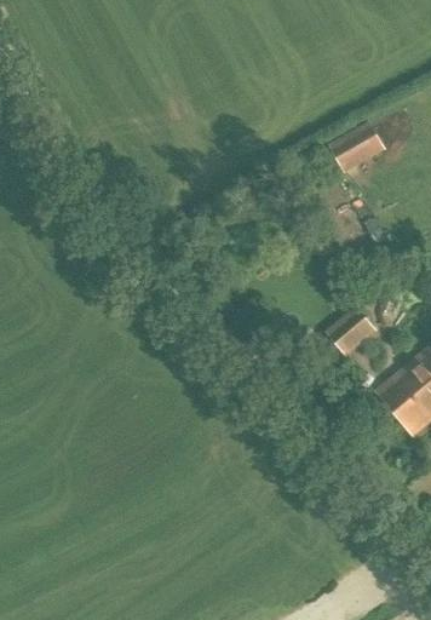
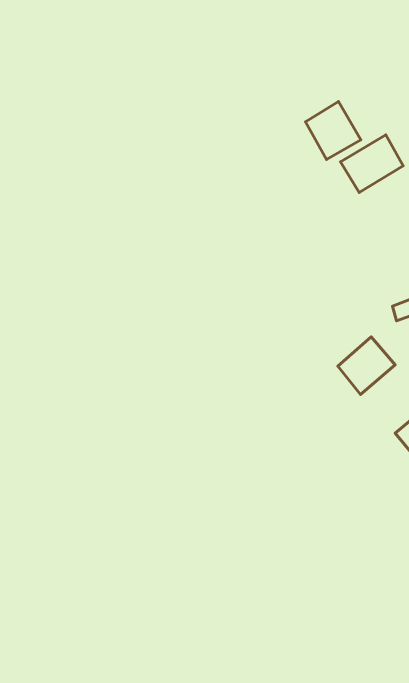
building: none -> [305,102,361,159]

